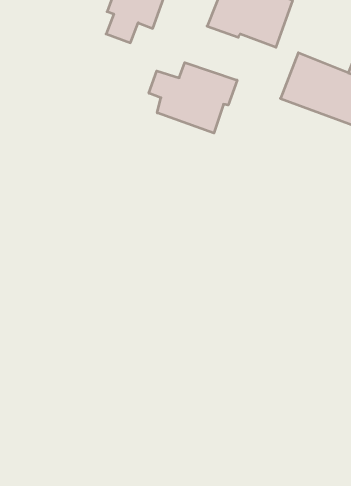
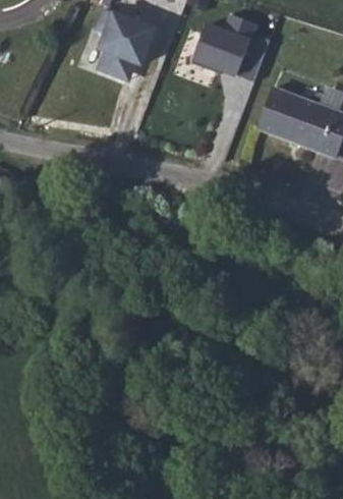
building: [149,63,237,133] -> none

